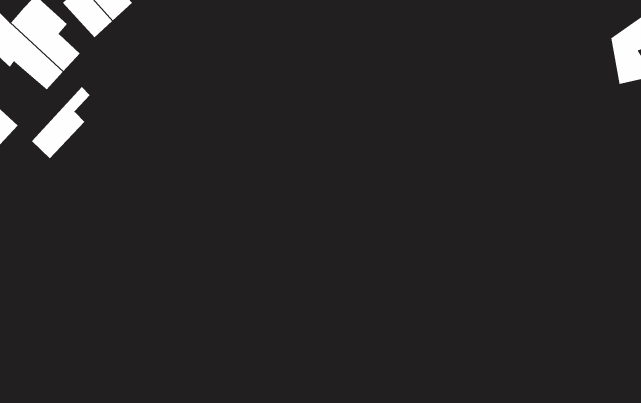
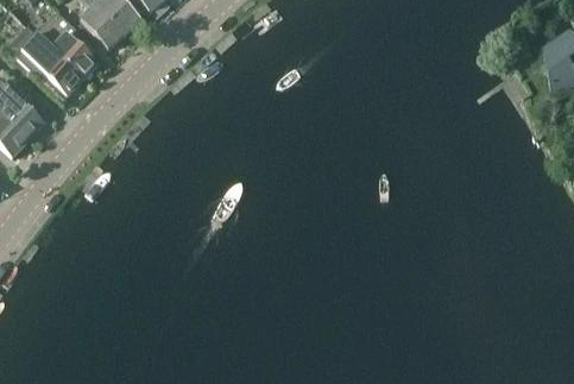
building: [31,86,90,159] -> none

